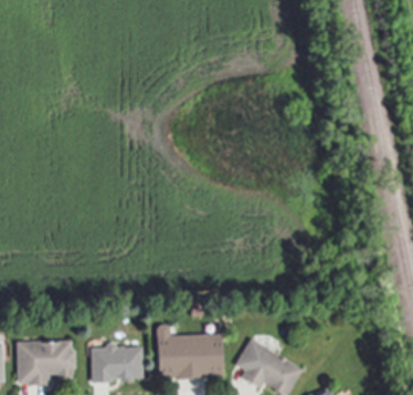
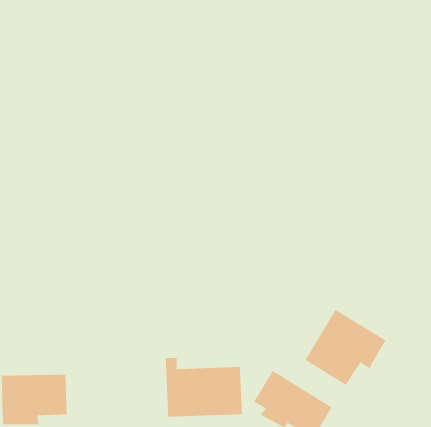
building: none -> [304,309,386,386]
building: [91,345,142,381] -> none

